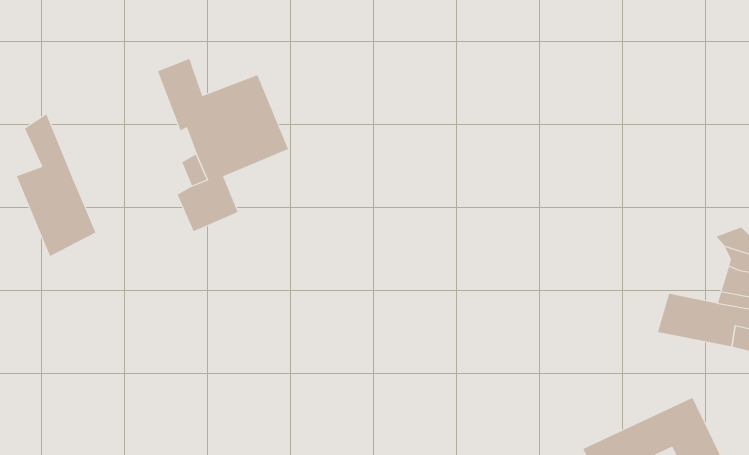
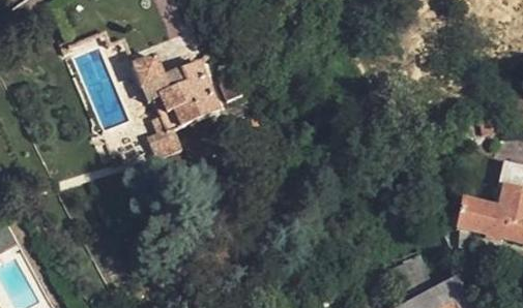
building: [16,113,96,257] -> none

